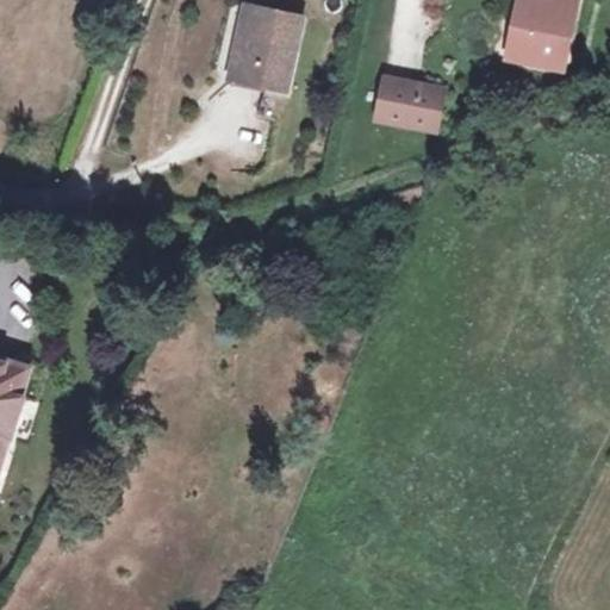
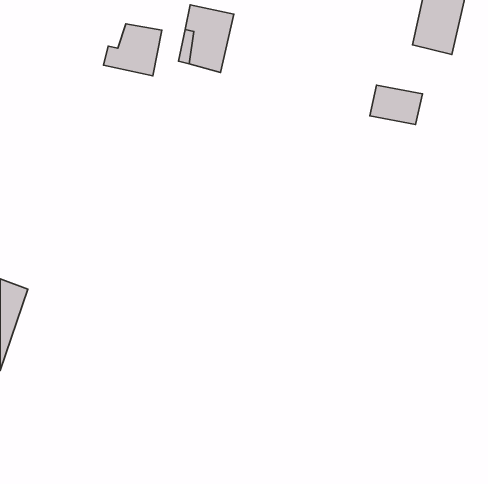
building: none -> [103,24,162,76]
building: [371,82,436,131] -> [370,85,422,124]

